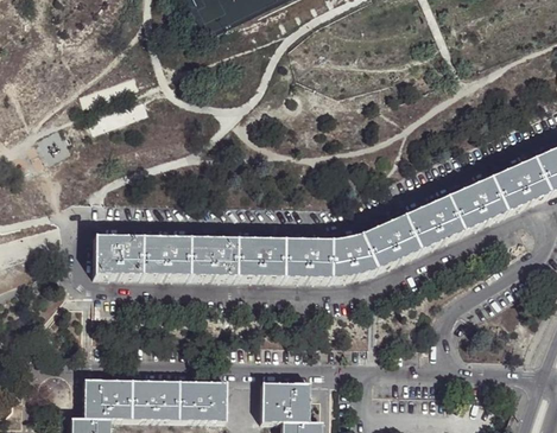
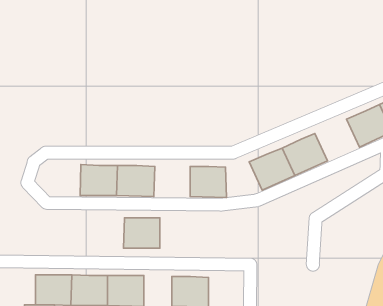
building: [450,176,508,230] -> none
building: [334,231,381,278] -> none
building: [96,234,145,275] -> none
building: [240,237,287,276] -> [123,218,160,248]

